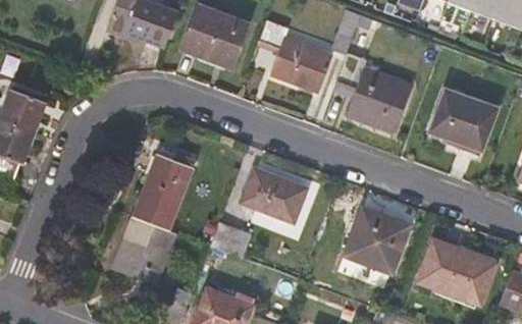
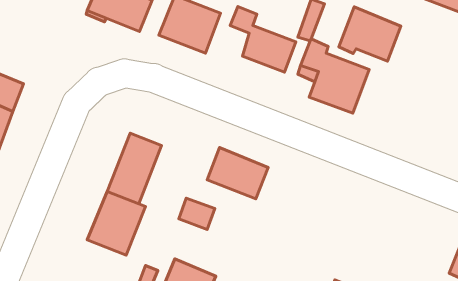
building: [430,88,497,146] -> [339,7,401,61]
building: [342,209,406,272] -> none
building: [415,239,493,305] -> none

